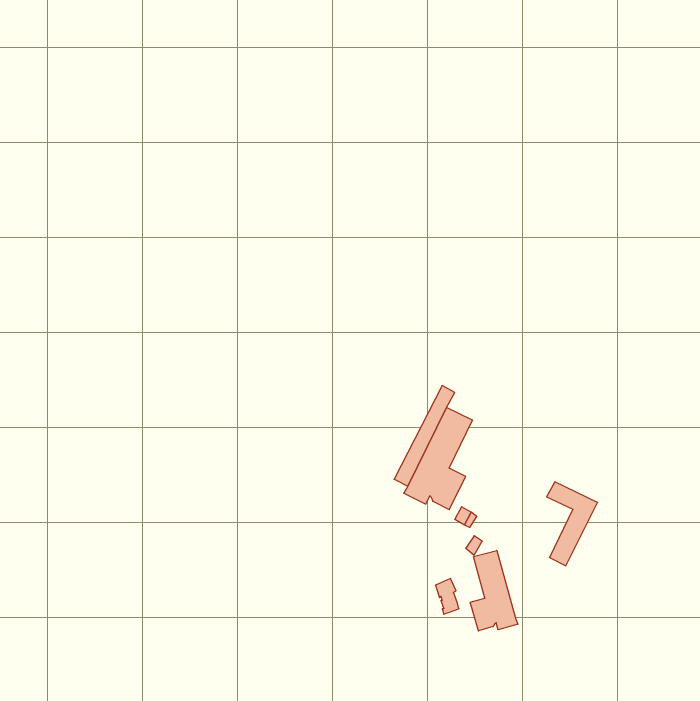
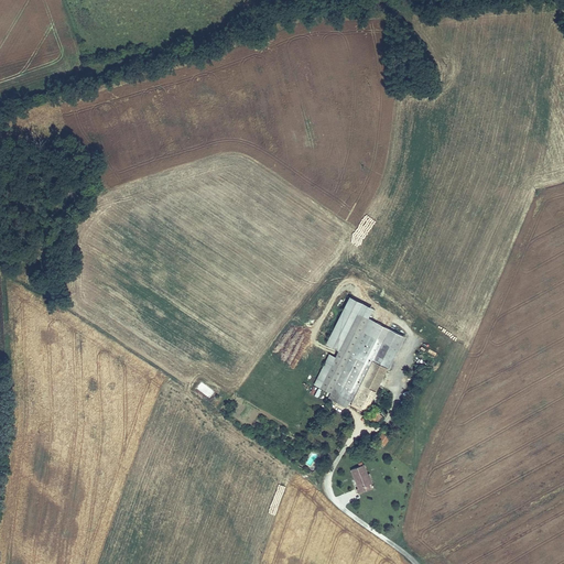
building: [547,482,598,566] -> [357,314,398,381]
building: [470,550,518,631] -> none

